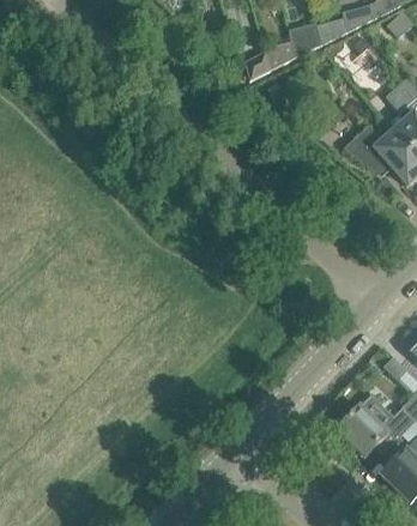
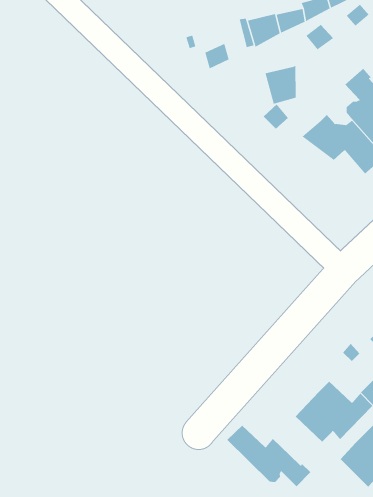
building: none -> [265,65,296,105]
building: none -> [226,425,311,487]

